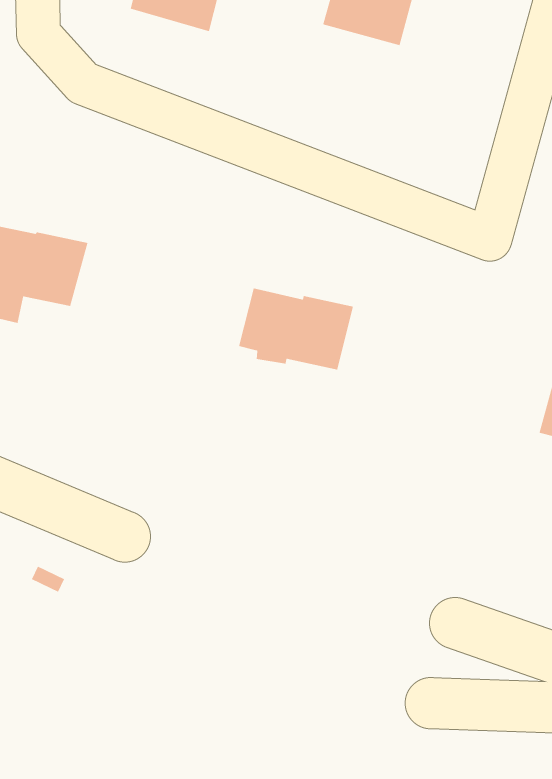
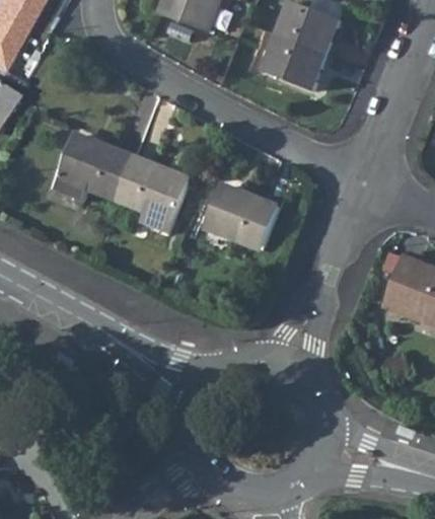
building: none -> [265,36,324,89]
building: none -> [104,155,175,216]

